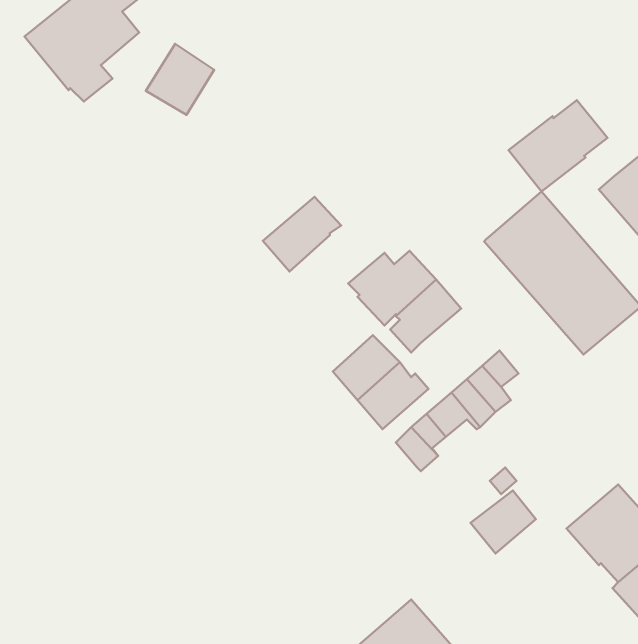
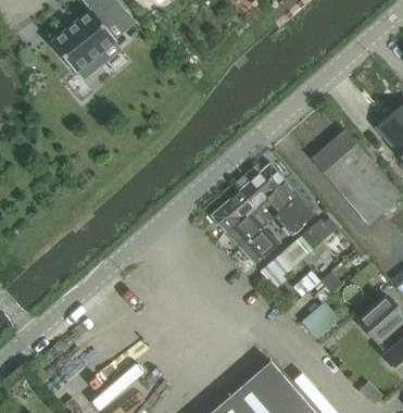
building: [146,44,214,115] -> none
building: [508,100,607,192] -> none
building: [263,197,341,271] -> [211,189,255,231]
building: none -> [276,196,314,235]

